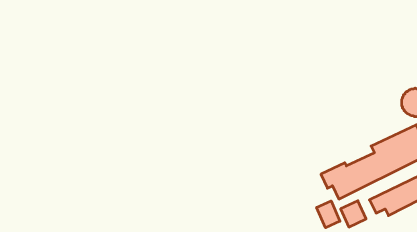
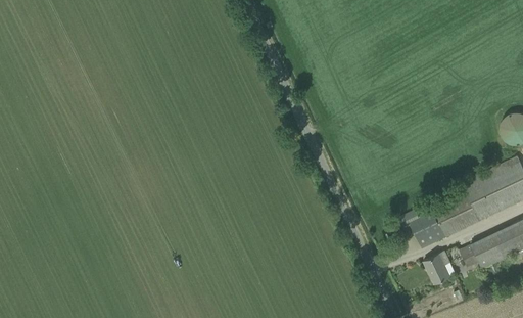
building: [317,201,340,228] -> none

